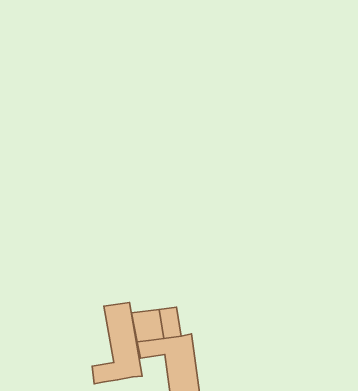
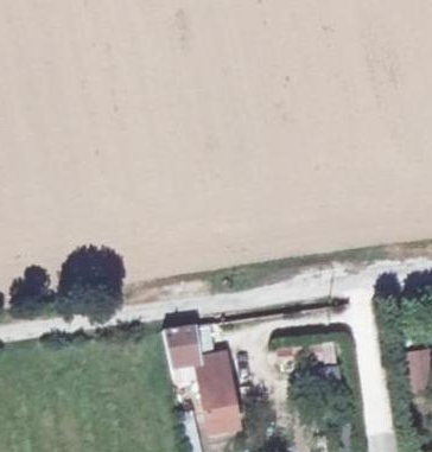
building: [92,302,142,384] -> none

